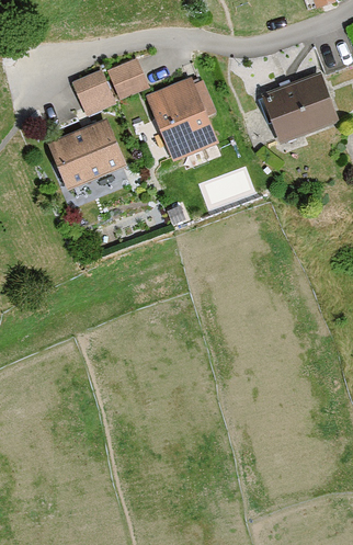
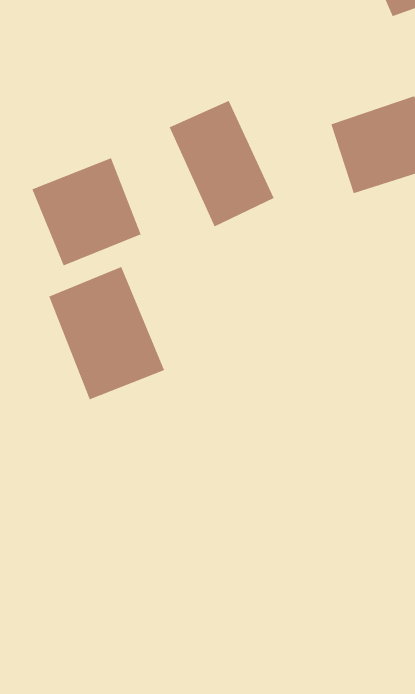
building: [66,56,145,115] -> none
building: none -> [48,266,165,400]

